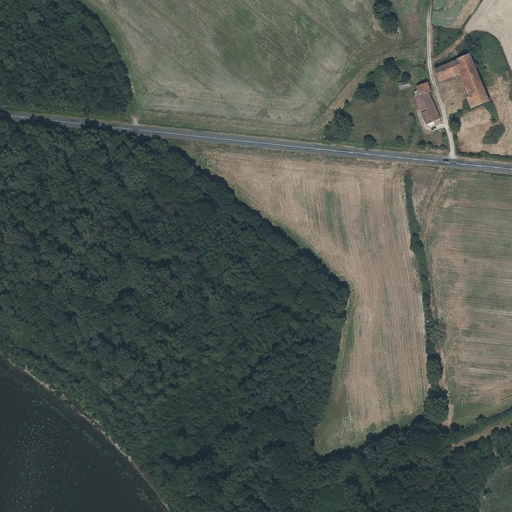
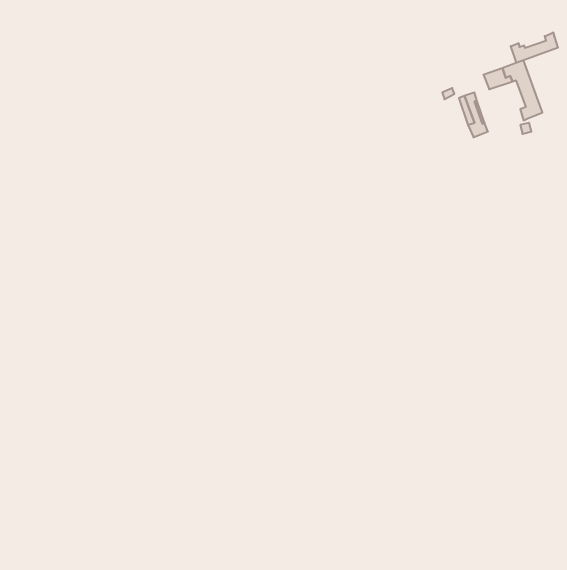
building: none -> [511,32,558,63]

